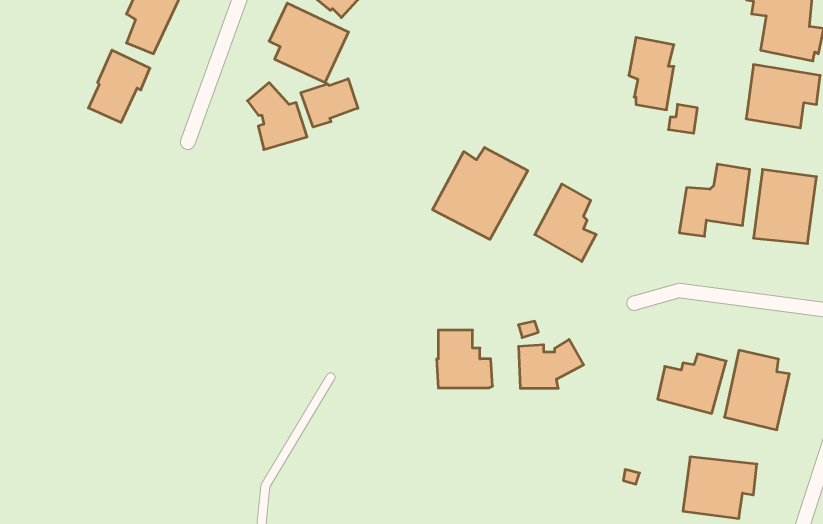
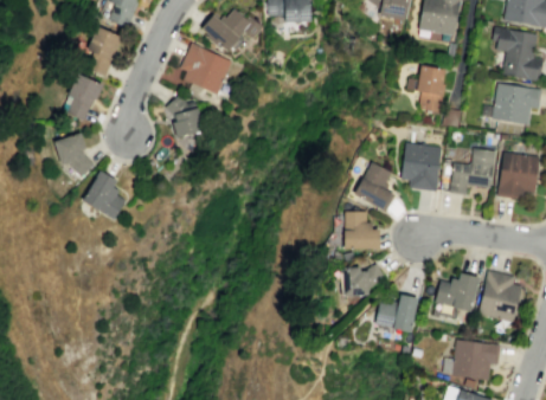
building: [301,79,358,127] -> none
building: none -> [53,133,95,178]
building: [433,147,528,239] -> none
building: none -> [400,142,441,191]
building: none -> [82,170,126,219]
building: [437,330,493,388] -> [343,211,380,249]
building: none -> [375,293,418,333]

